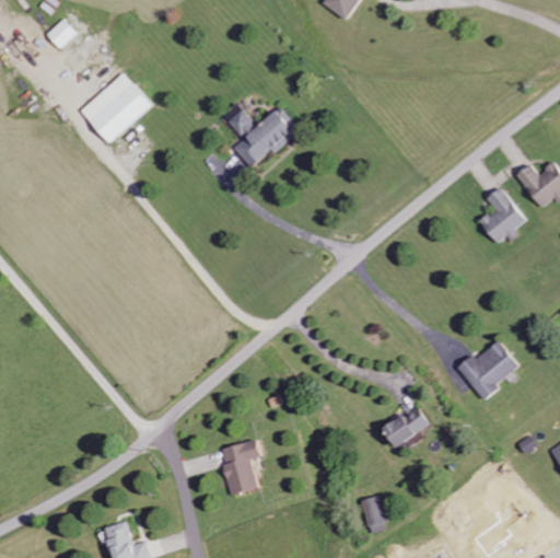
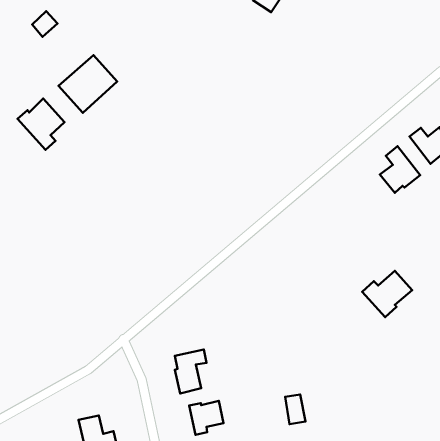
building: [220,103,293,166] -> none
building: none -> [17,99,65,150]
building: [380,406,429,447] -> none
building: none -> [189,401,224,435]

